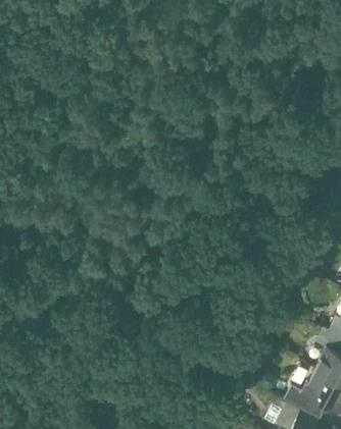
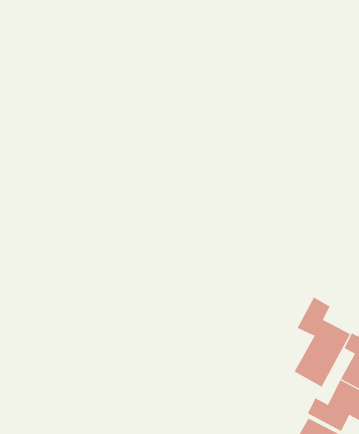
building: none -> [294,296,351,387]

